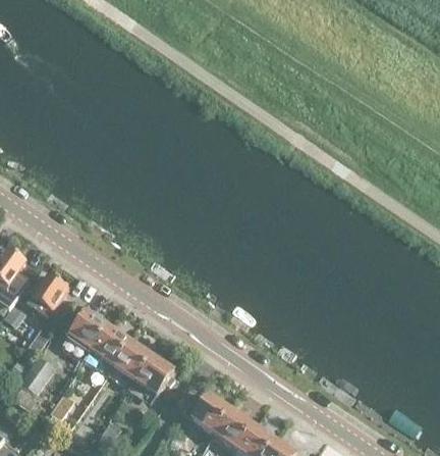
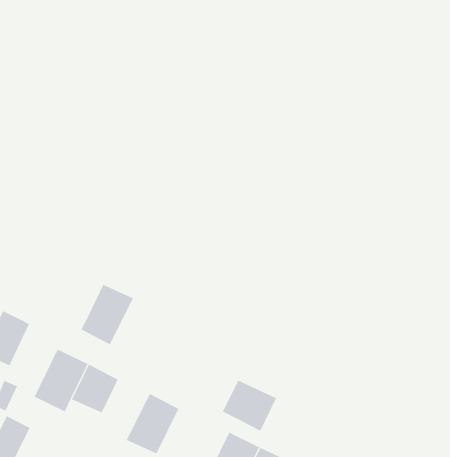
building: [107,341,152,389] -> [80,284,134,345]
building: none -> [222,380,277,432]

